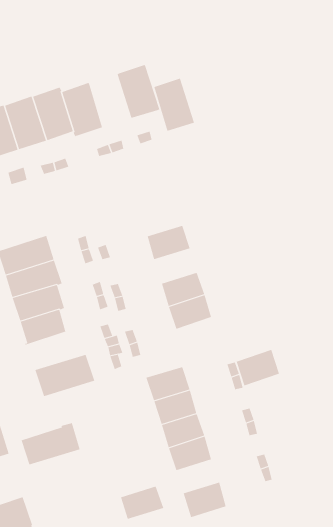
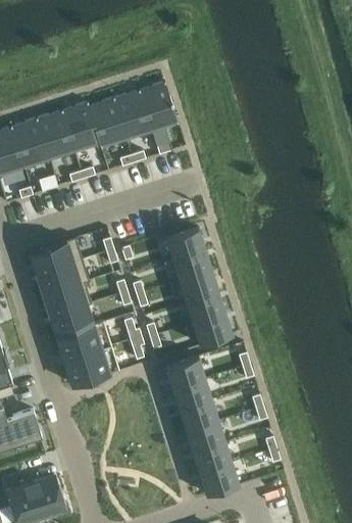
building: [153,78,195,132] -> [113,90,151,139]
building: none -> [171,249,211,281]
building: [236,349,280,386] -> [192,312,232,345]
building: [20,423,80,465] -> [55,321,110,360]
building: [120,486,164,520] -> [192,441,232,472]

